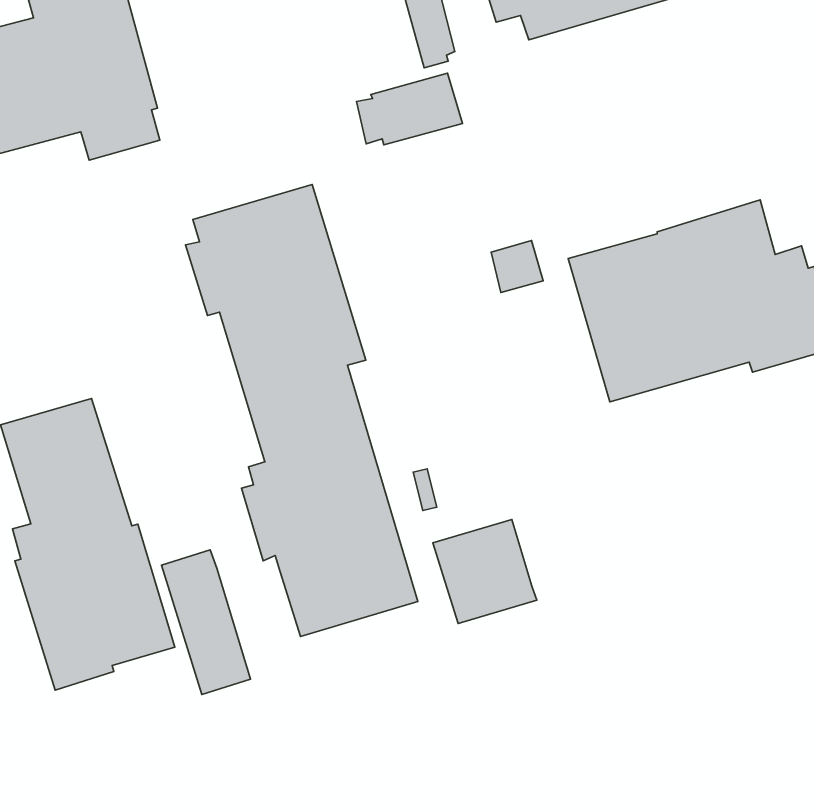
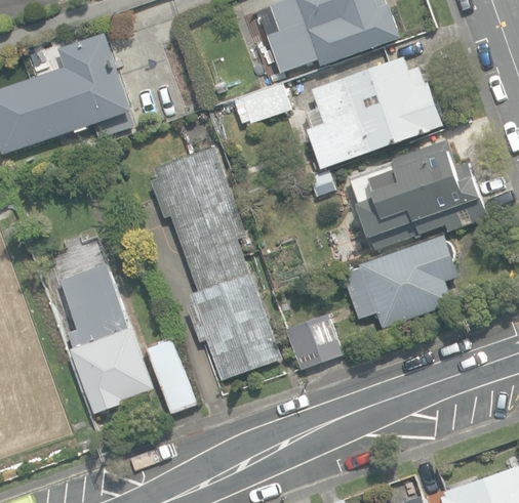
building: none -> [305,57,442,169]
building: none -> [342,234,457,329]

